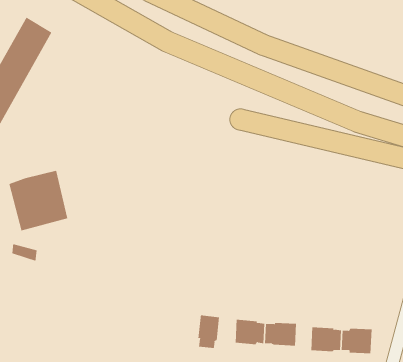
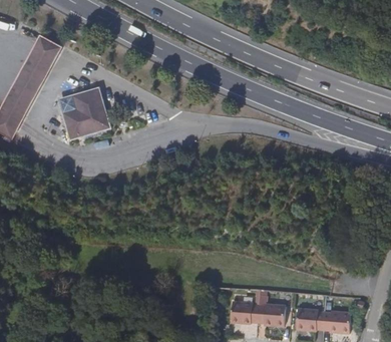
building: [8,170,68,231] -> [57,85,110,139]
building: [198,315,220,349] -> none

